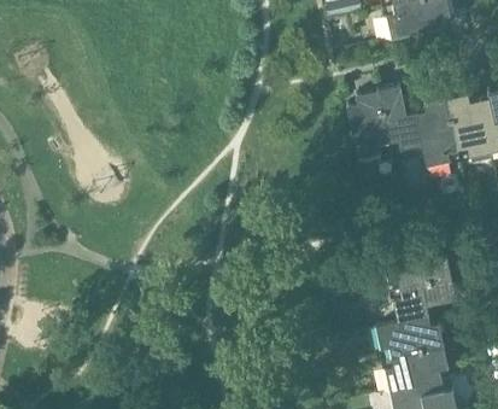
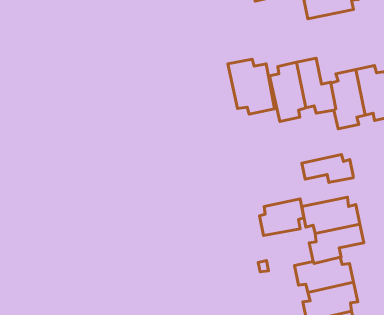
building: none -> [228,59,274,114]
building: none -> [302,155,353,183]
building: none -> [260,199,304,236]

